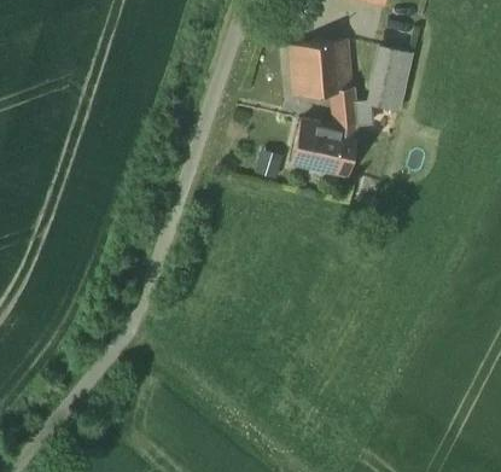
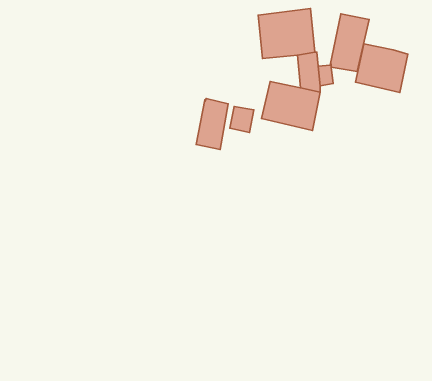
building: none -> [356,44,408,93]
building: none -> [196,98,228,150]

